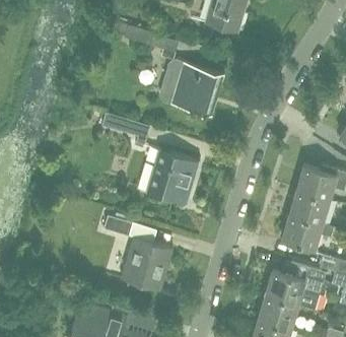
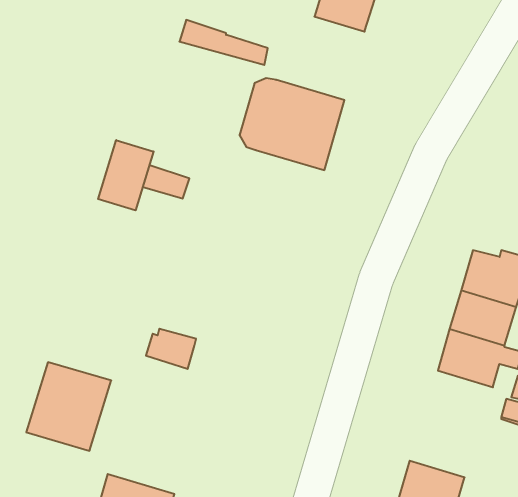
building: none -> [98,140,154,210]
building: [147,149,199,204] -> none
building: [121,238,172,291] -> [26,362,111,451]
building: [264,269,323,304] -> none

